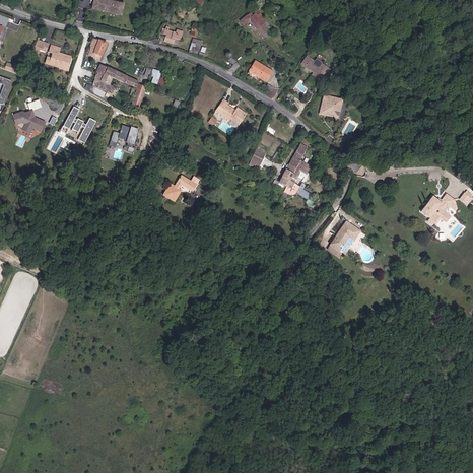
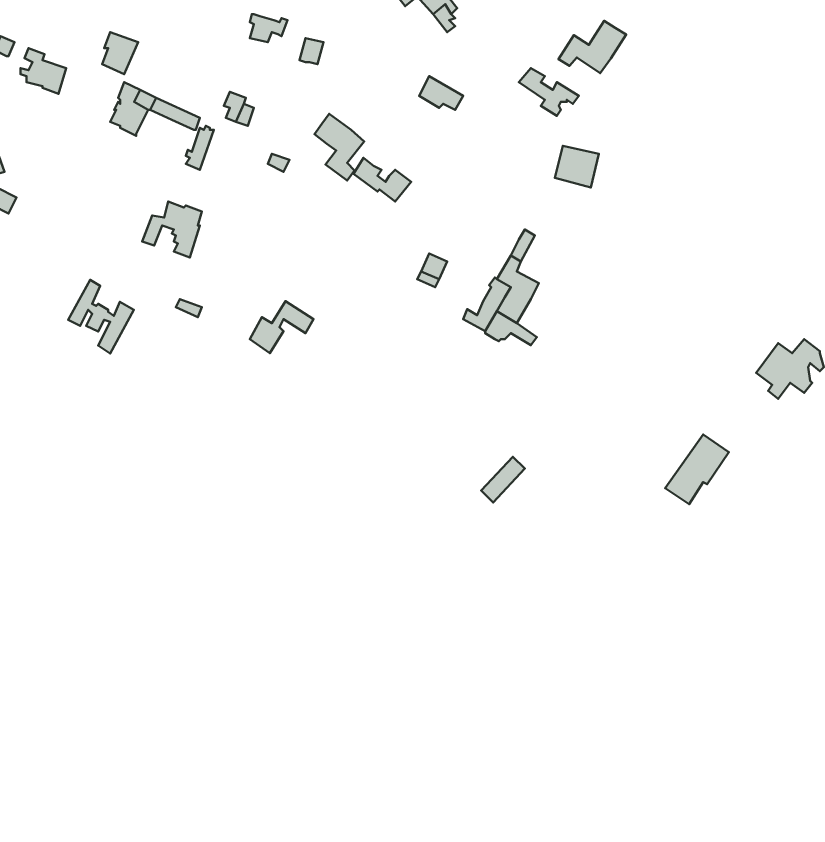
building: none -> [559,21,626,73]
building: none -> [314,114,364,181]
building: [62,107,95,144] -> [68,280,134,354]
building: [327,221,359,257] -> [665,434,729,504]

